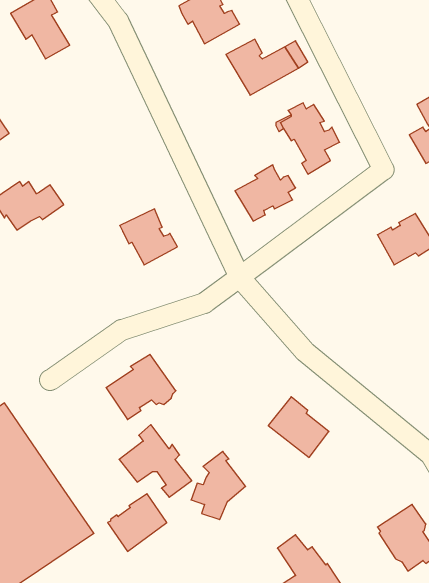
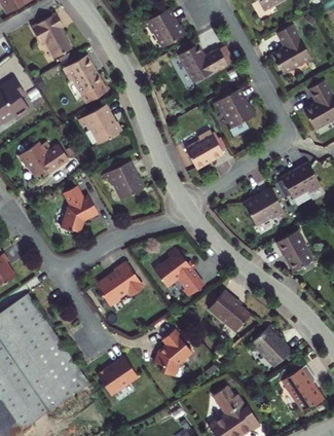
building: none -> [270,28,309,75]
building: none -> [64,57,107,105]
building: none -> [82,106,122,145]
building: none -> [63,185,99,230]
building: none -> [243,189,283,224]
building: none -> [273,231,309,271]
building: [119,425,192,497] -> [153,246,202,295]
building: none -> [250,323,289,364]

